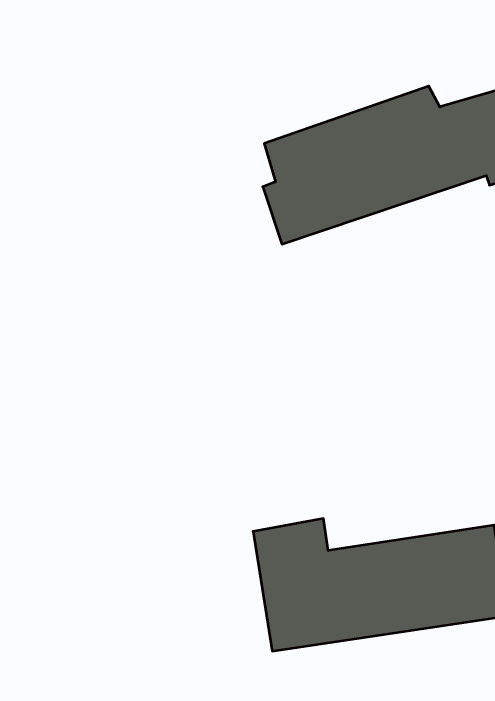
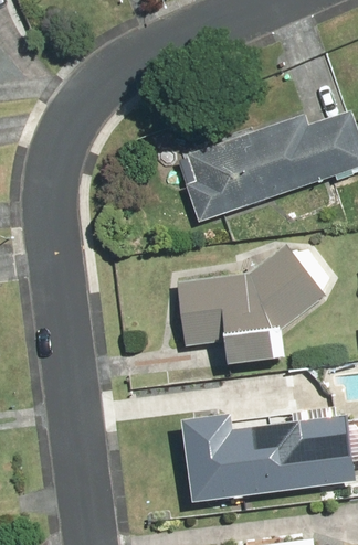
building: none -> [176,243,325,362]

